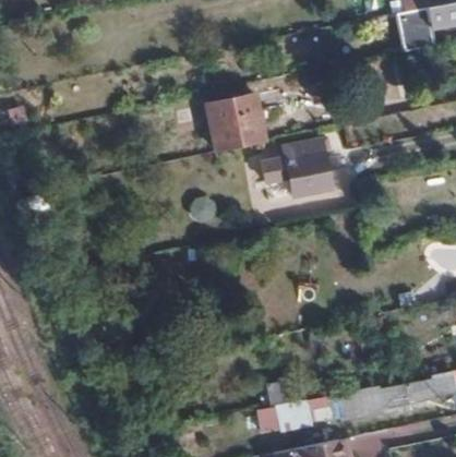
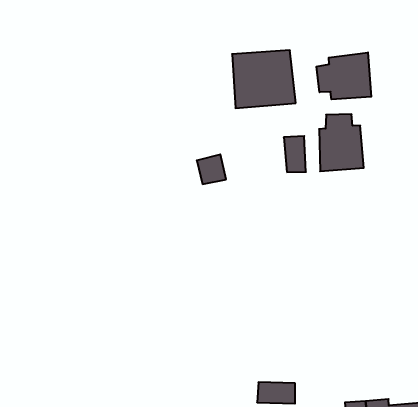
building: none -> [316,52,371,99]

